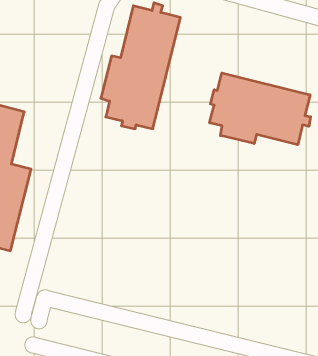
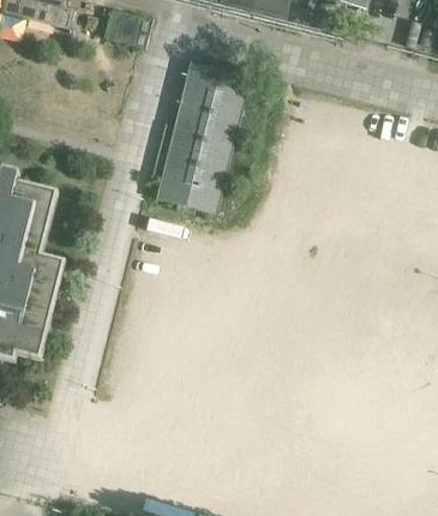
building: [210,73,311,145] -> none

